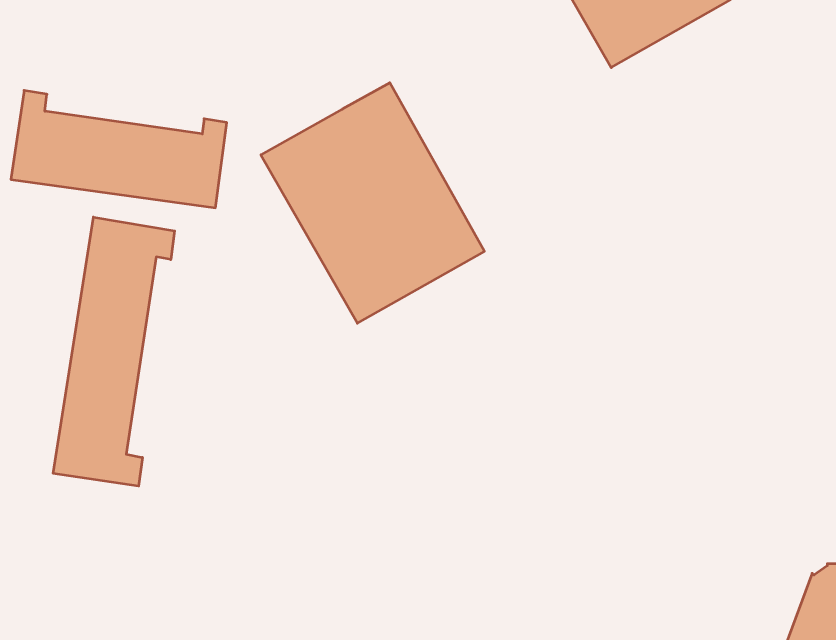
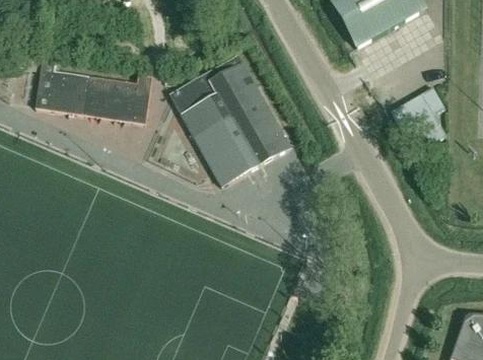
building: none -> [391,86,446,146]
building: [53,217,175,486] -> none

